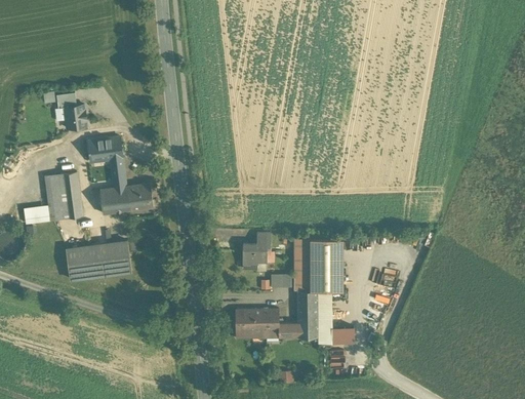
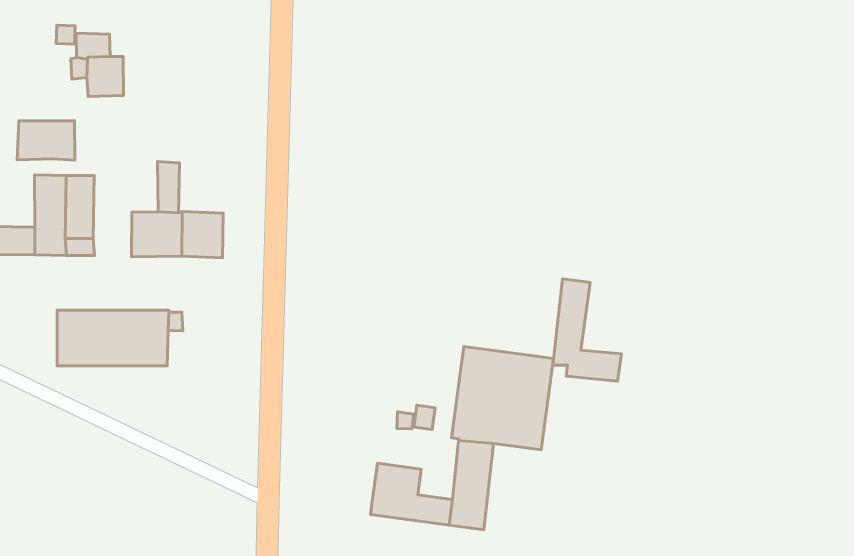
building: [89,137,123,163] -> [17,121,75,160]
building: [243,233,271,263] -> none
building: [317,290,355,344] -> [553,279,621,381]
building: [236,310,254,332] -> none

